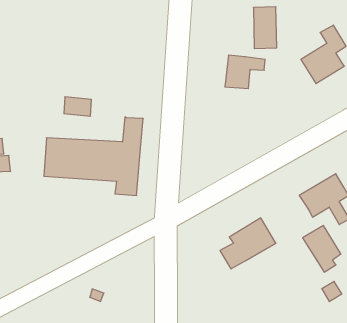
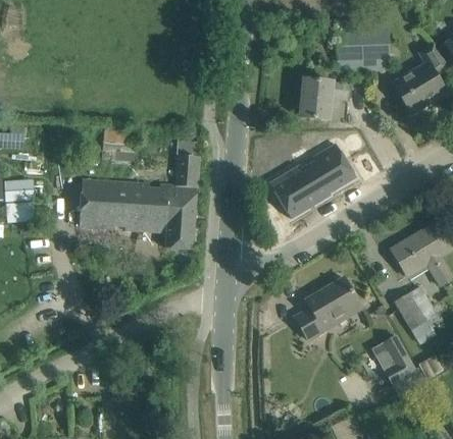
building: none -> [361,20,388,70]
building: none -> [271,140,359,214]
building: none -> [381,334,414,384]

